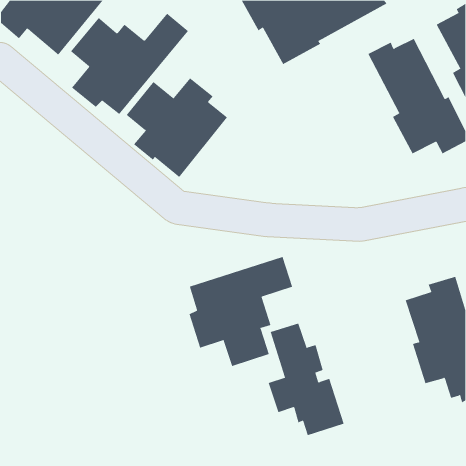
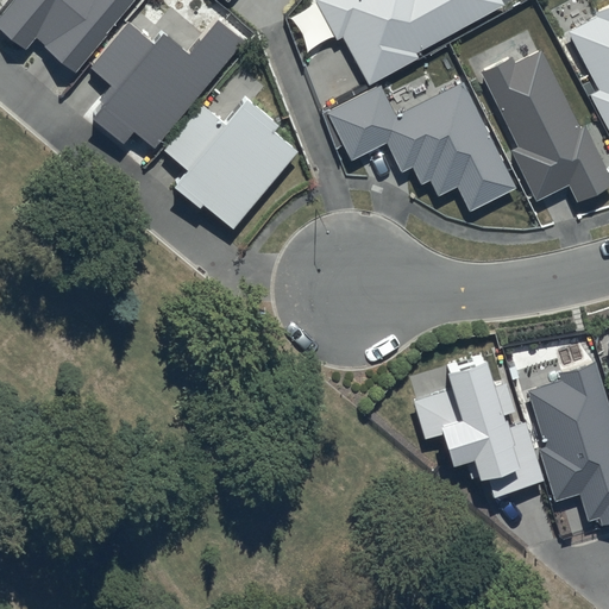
building: none -> [325,82,516,211]
building: [189,256,293,367] -> none
building: [268,323,344,436] -> [441,350,541,497]

